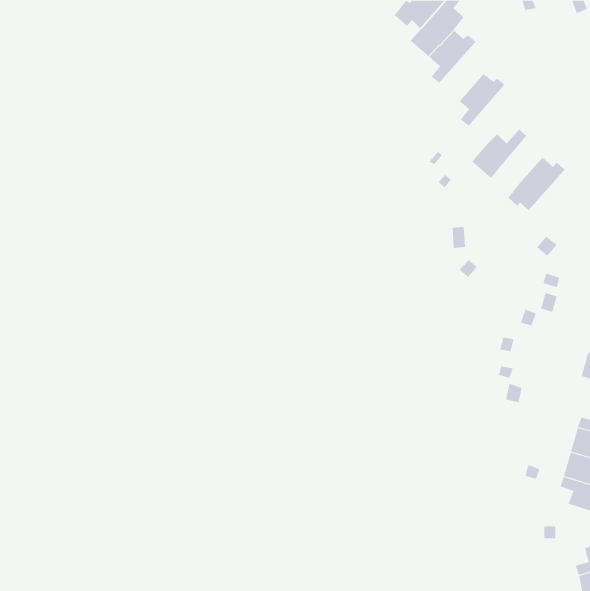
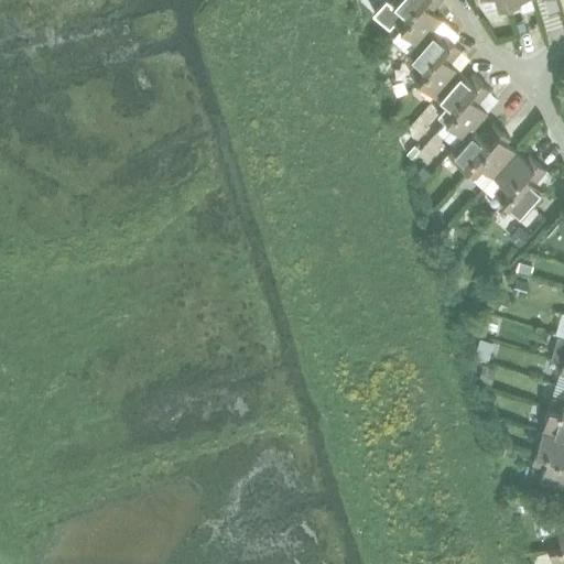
building: none -> [420,42,463,98]
building: none -> [440,83,491,148]
building: none -> [469,131,518,189]
building: none -> [505,163,547,218]

